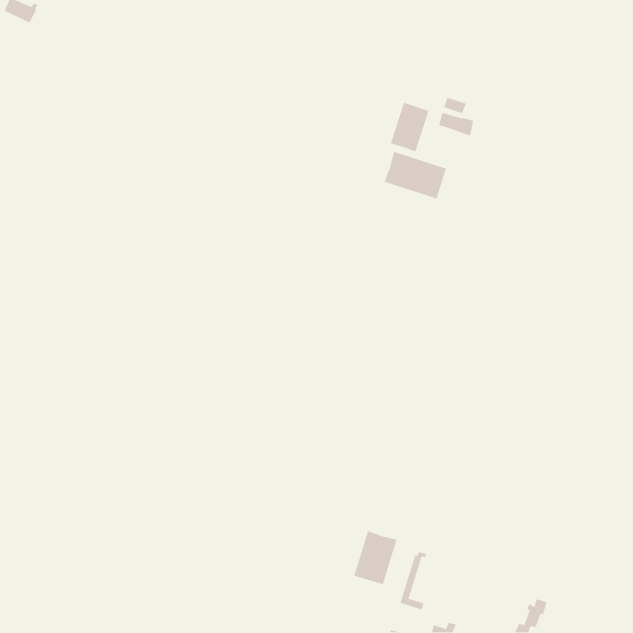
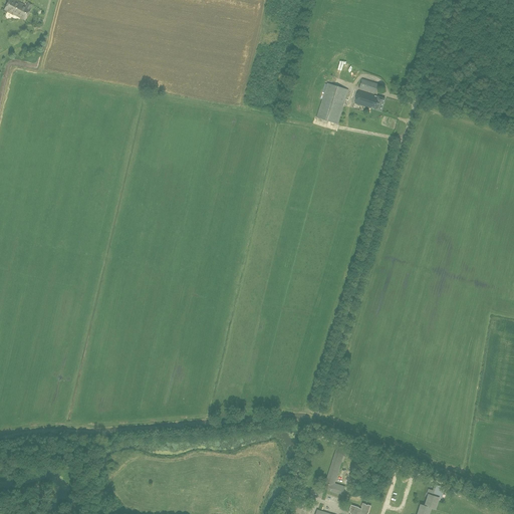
building: [384,151,447,200] -> none
building: [353,530,398,585] -> none

